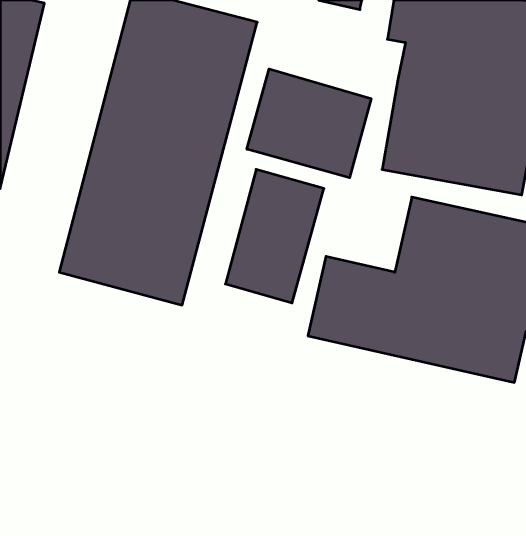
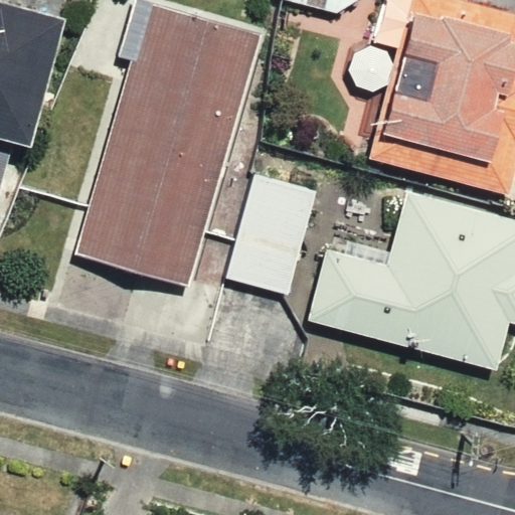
building: [247,69,371,178] -> none

